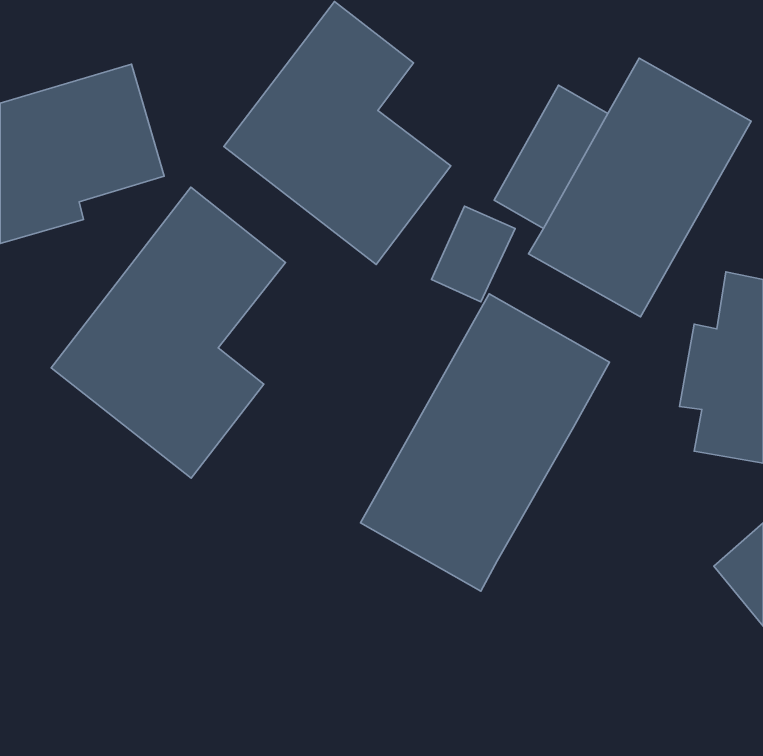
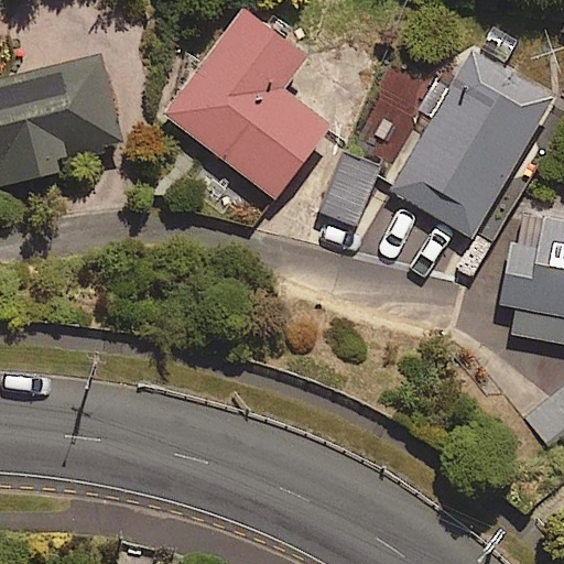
building: [51,187,286,478] -> none
building: [361,294,610,591] -> none

